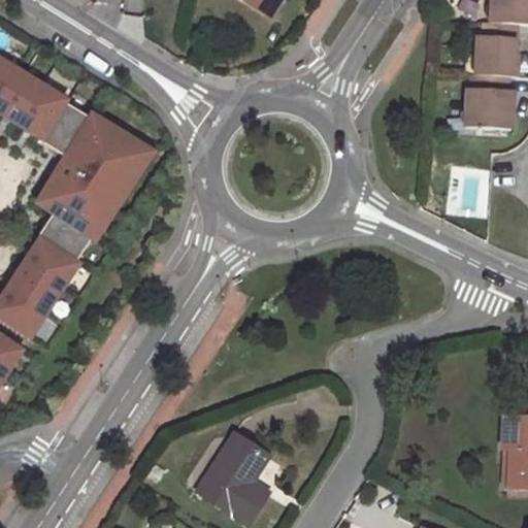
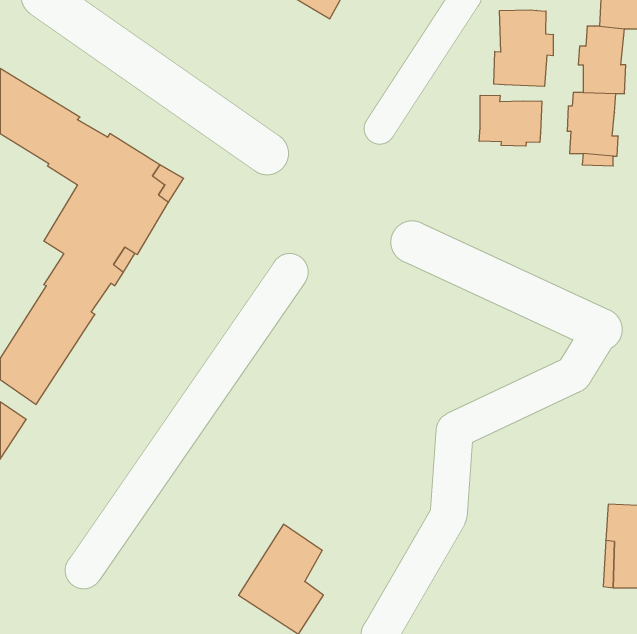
building: none -> [494,10,553,86]
building: none -> [479,95,542,146]

